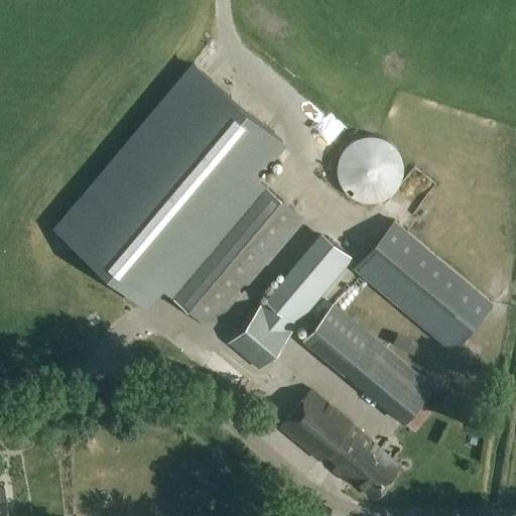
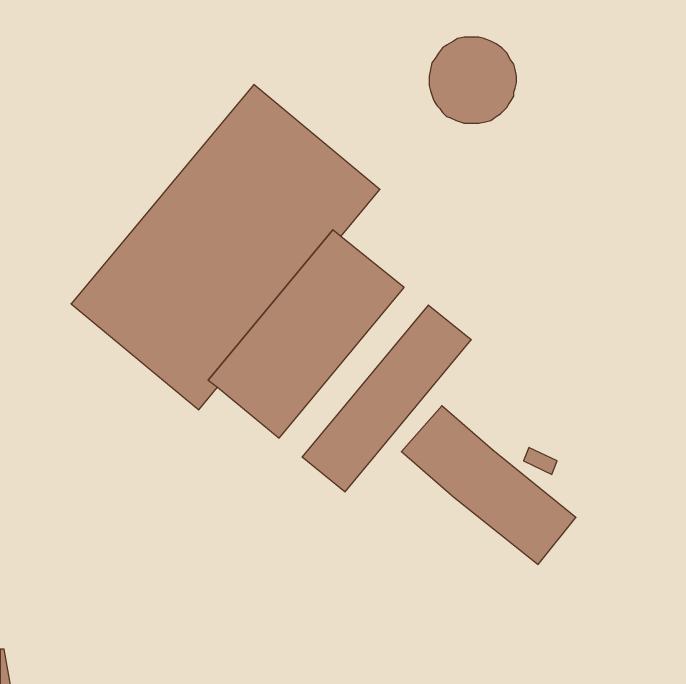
building: [337,137,402,202] -> [429,37,516,123]
building: [354,222,492,352] -> none
building: [282,393,402,500] -> none

